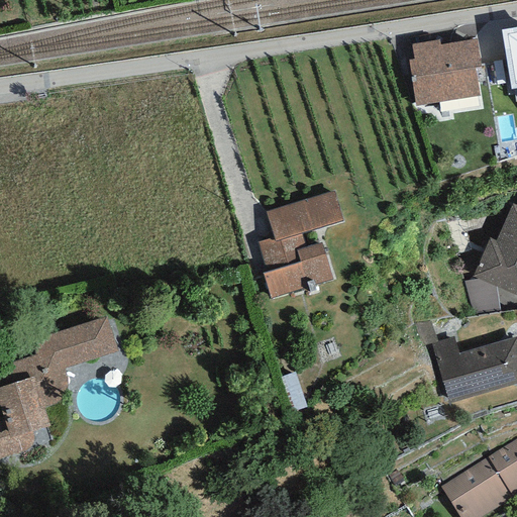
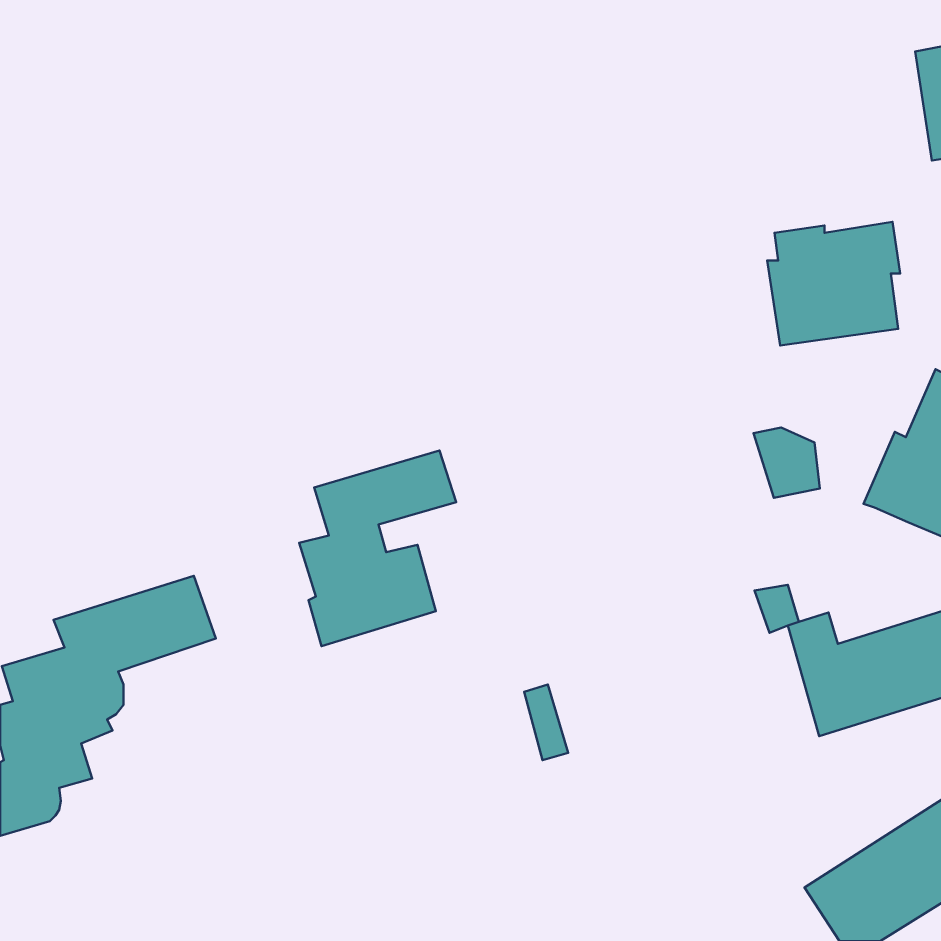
building: [409,37,482,105] -> [767,222,900,345]
building: [258,191,344,298] -> [299,451,456,646]
building: [464,278,501,316] -> [754,428,820,498]

